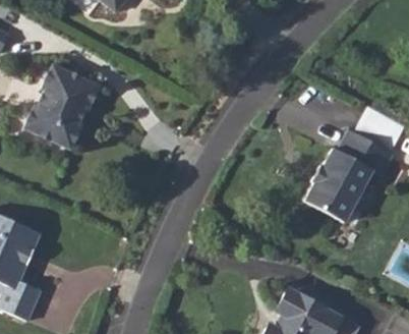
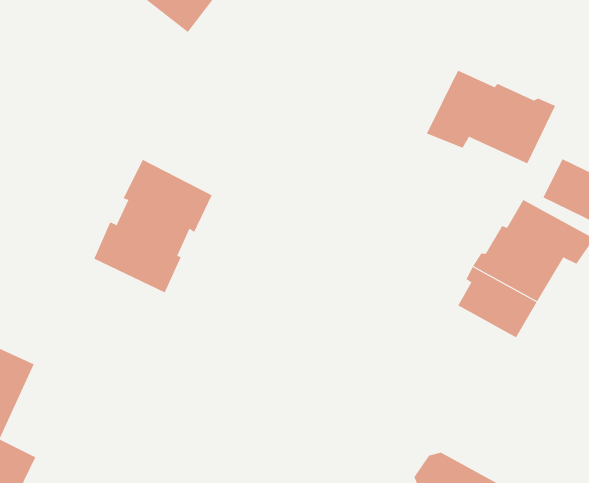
building: none -> [426,70,556,164]
building: [25,61,100,145] -> [93,159,213,293]

